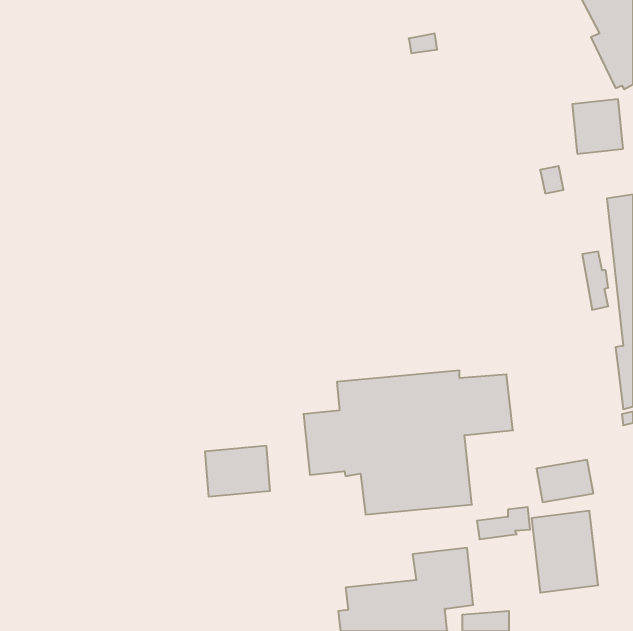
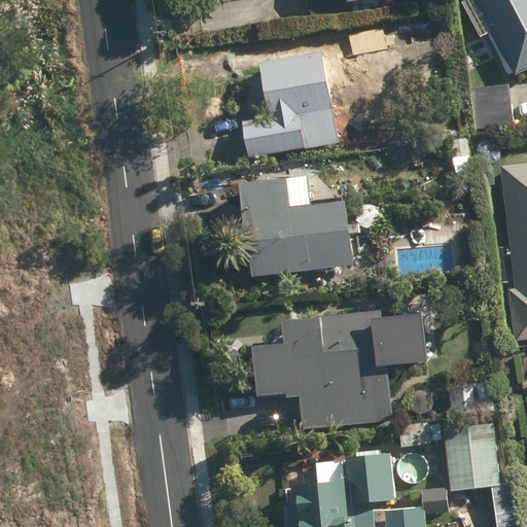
building: none -> [243,54,340,157]
building: none -> [235,177,349,278]
building: [205,446,270,497] -> none

